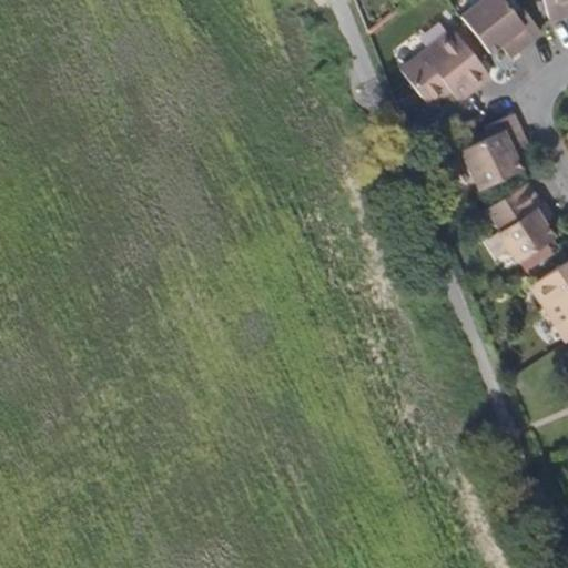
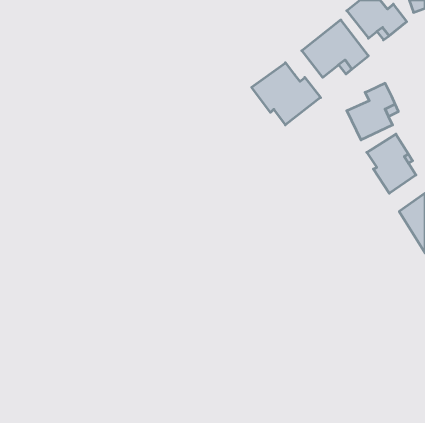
building: none -> [252,63,321,125]

